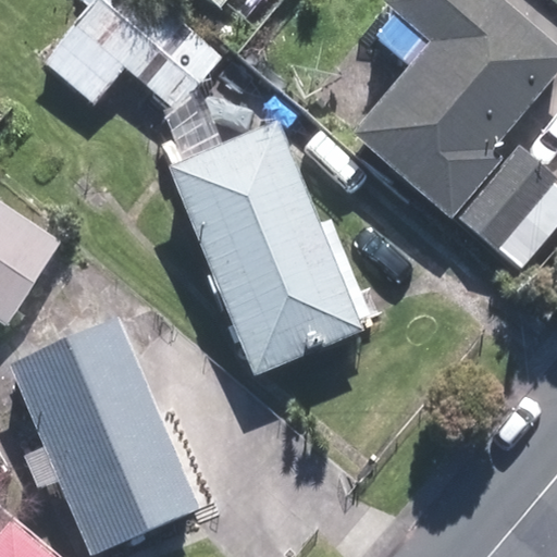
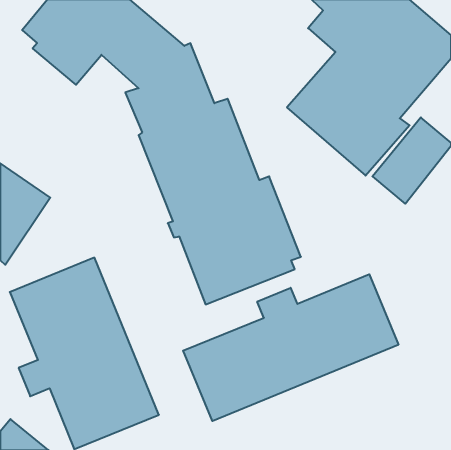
building: none -> [183,274,398,421]

